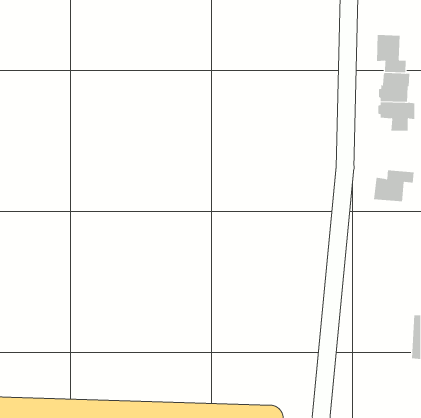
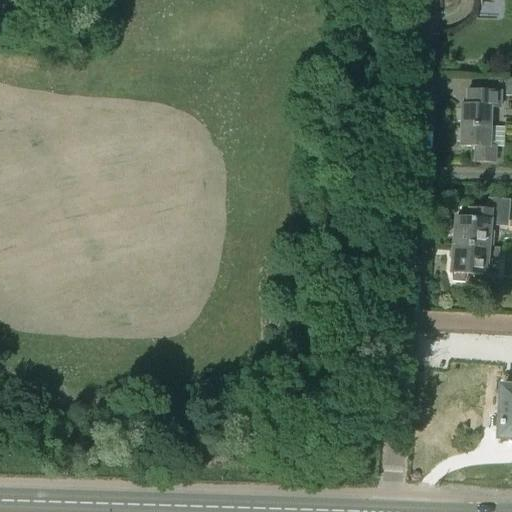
building: [377,34,406,73] -> none
building: none -> [451,242,500,279]

